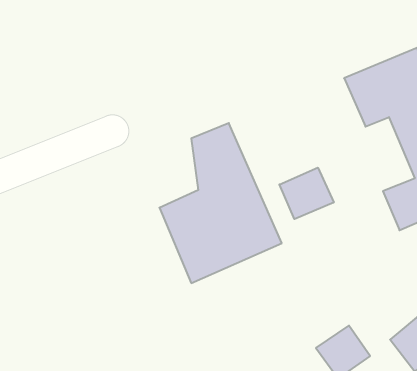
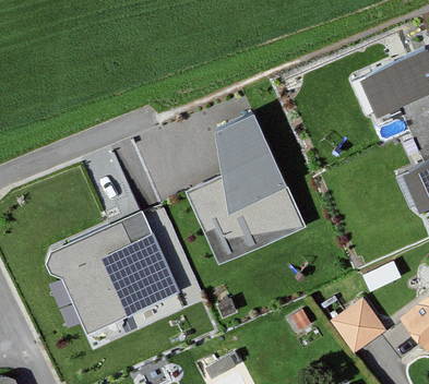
building: [279,168,334,219] -> none
building: none -> [52,215,176,332]

